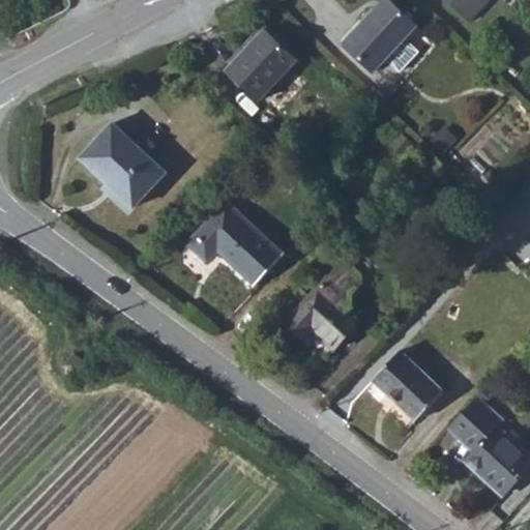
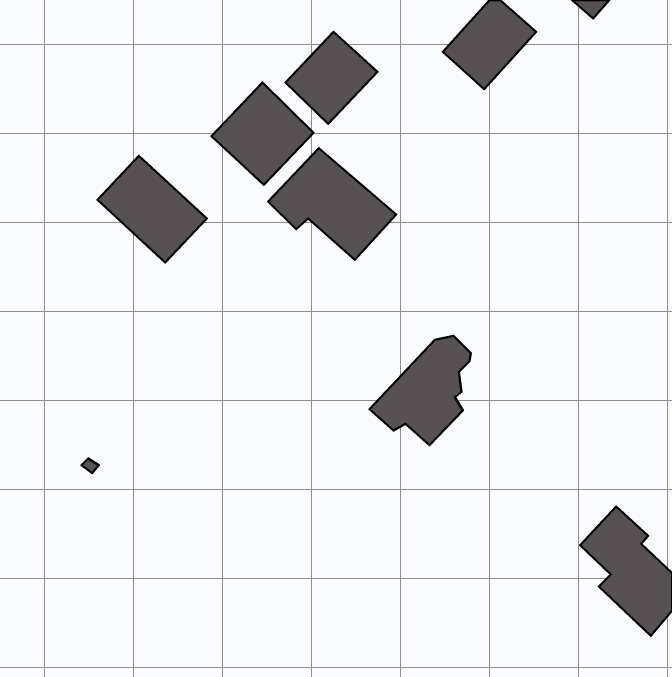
building: none -> [212,83,313,185]
building: [179,205,278,292] -> [268,148,396,260]
building: [374,353,444,421] -> none

